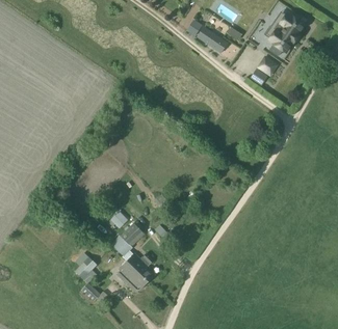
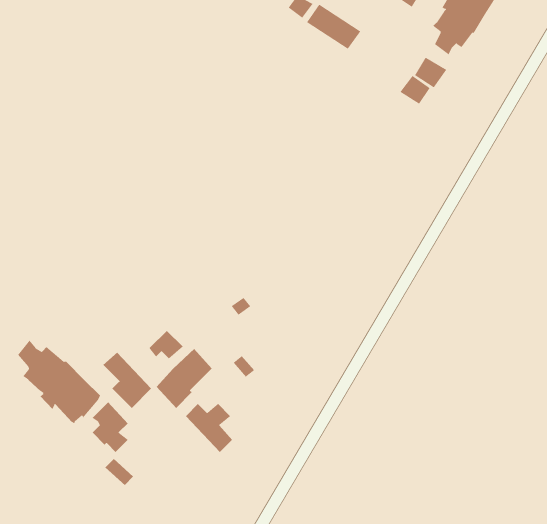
building: none -> [17,340,101,424]
building: [120,261,148,293] -> [102,352,152,409]

